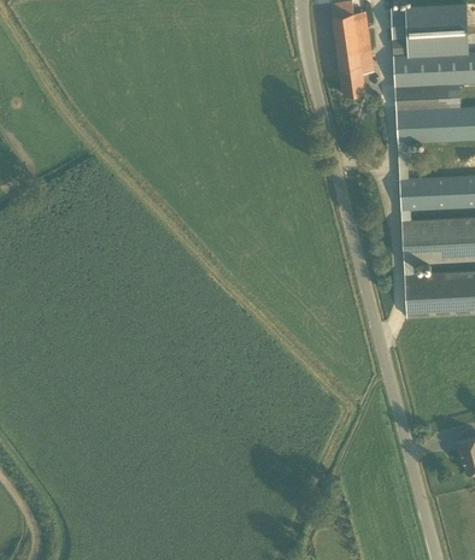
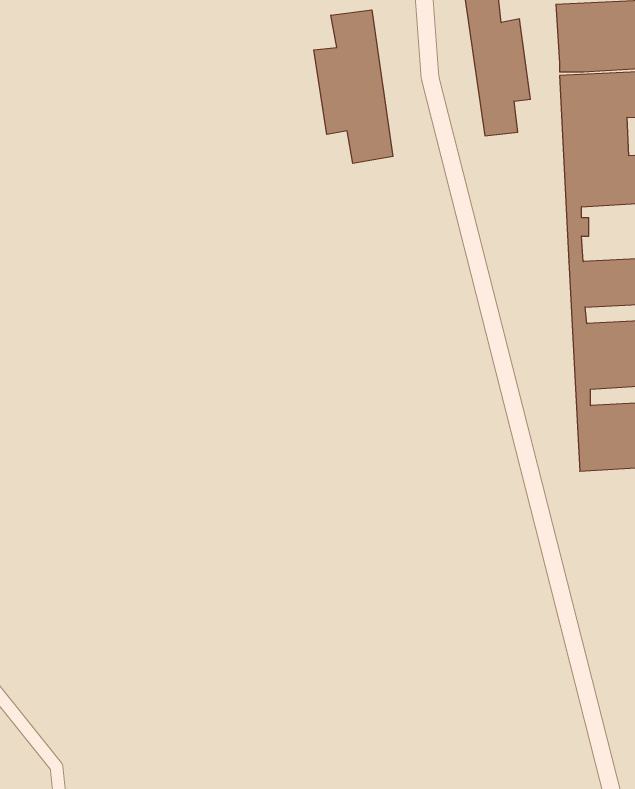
building: none -> [314,10,393,163]

